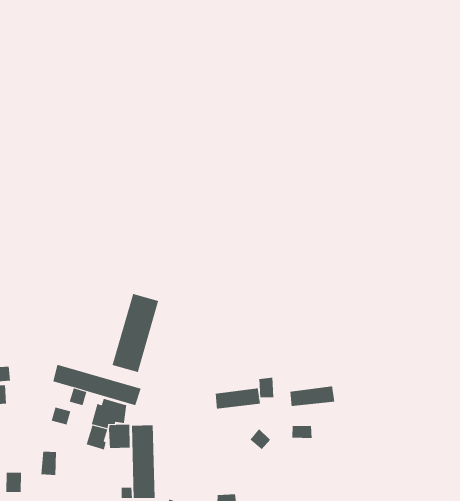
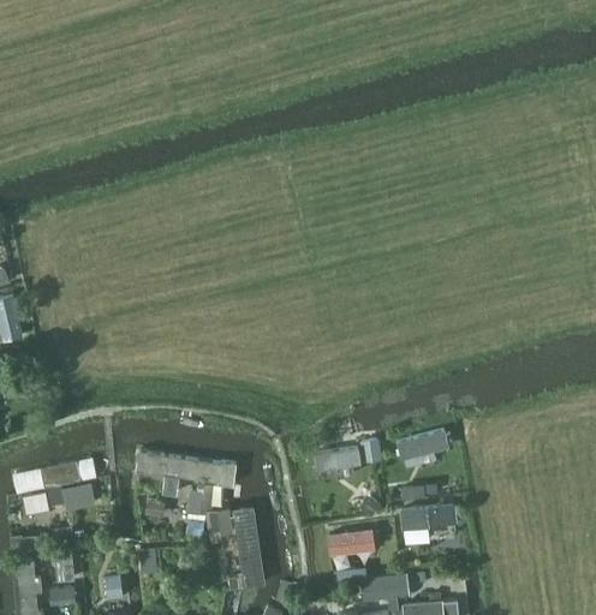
building: [112,293,159,373] -> none
building: none -> [399,504,455,530]
building: none -> [328,527,374,555]

